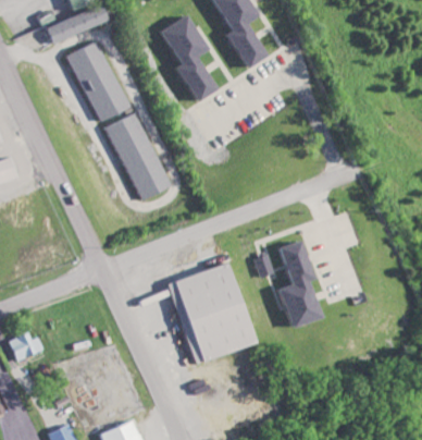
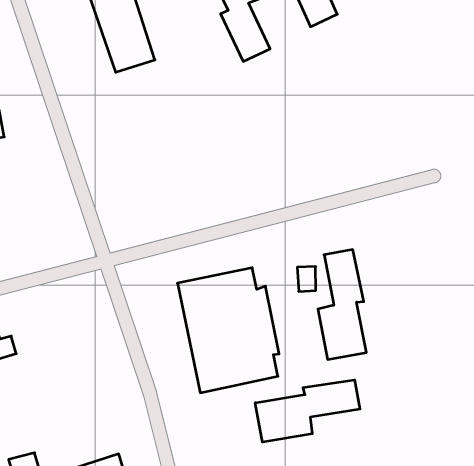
building: [107,113,171,201] -> none
building: none -> [255,380,360,442]

